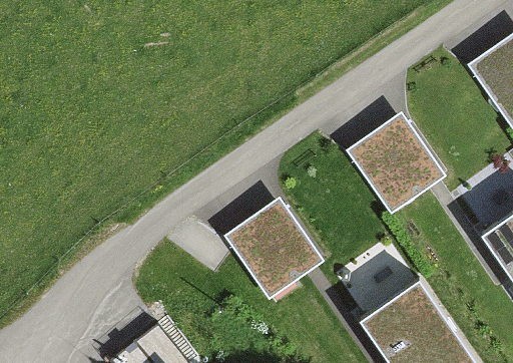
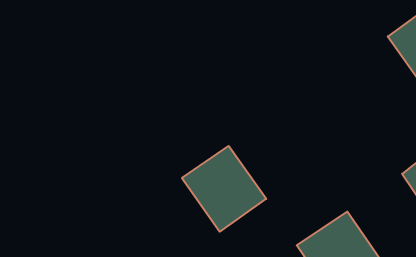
building: [347,111,447,214] -> none

